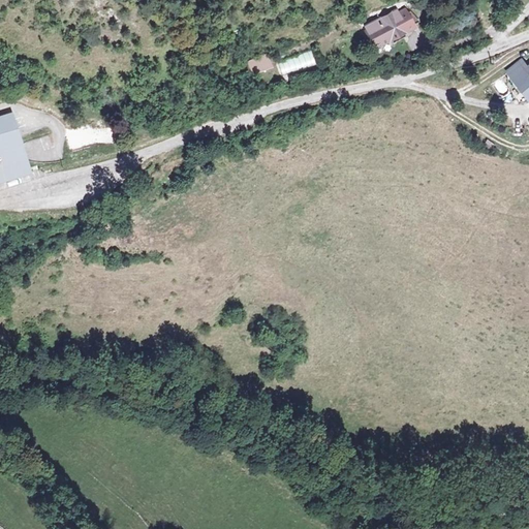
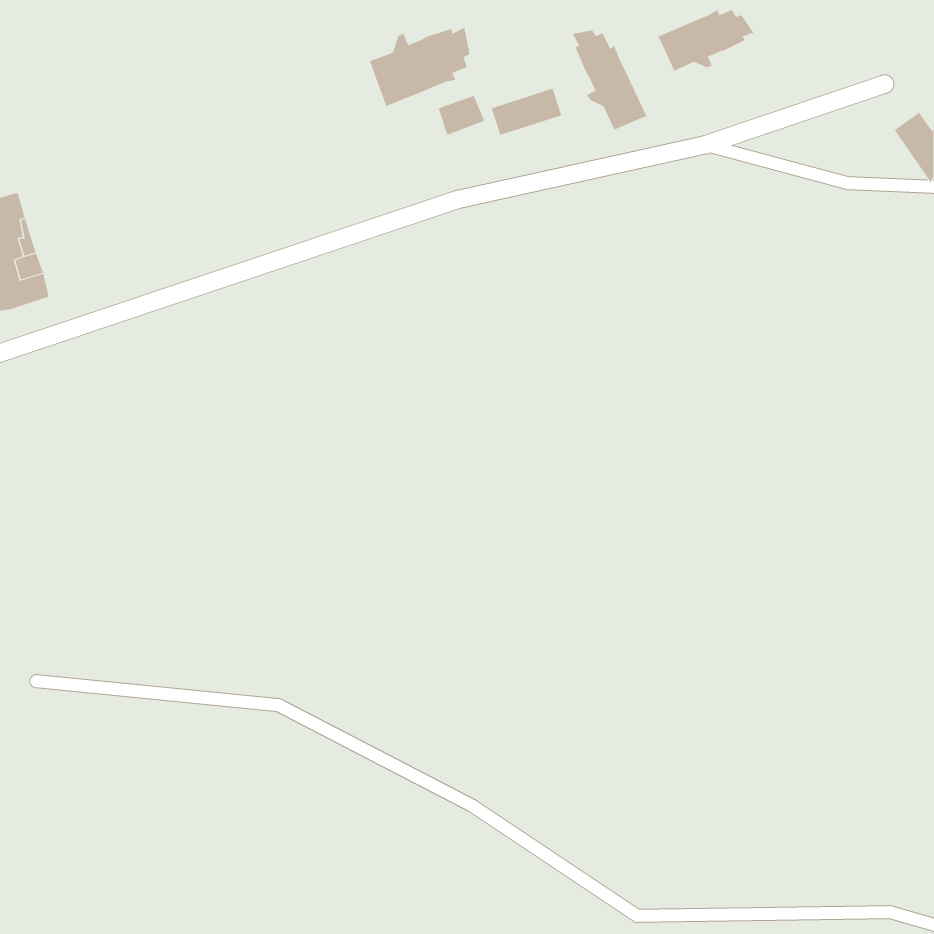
building: none -> [369,27,470,107]
building: none -> [572,30,647,131]

